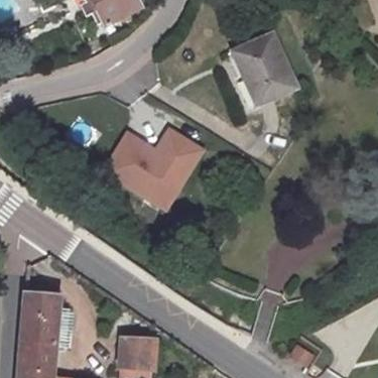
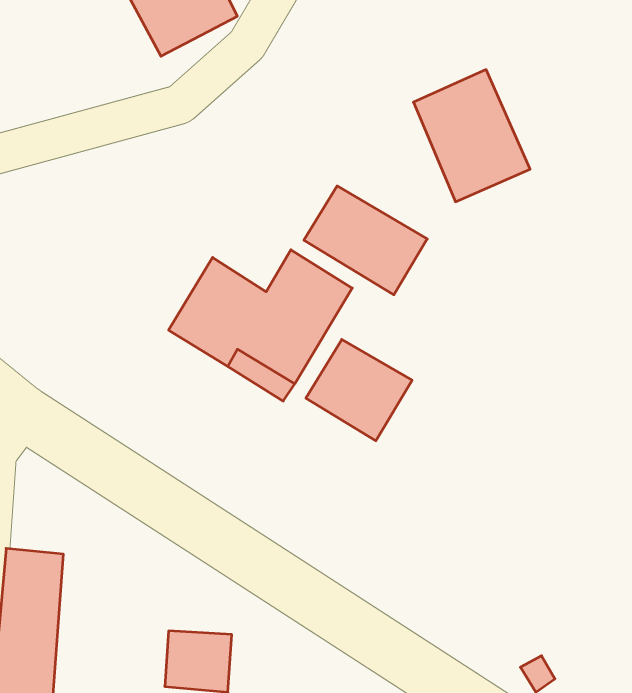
building: none -> [304,186,427,295]
building: none -> [306,339,412,441]

